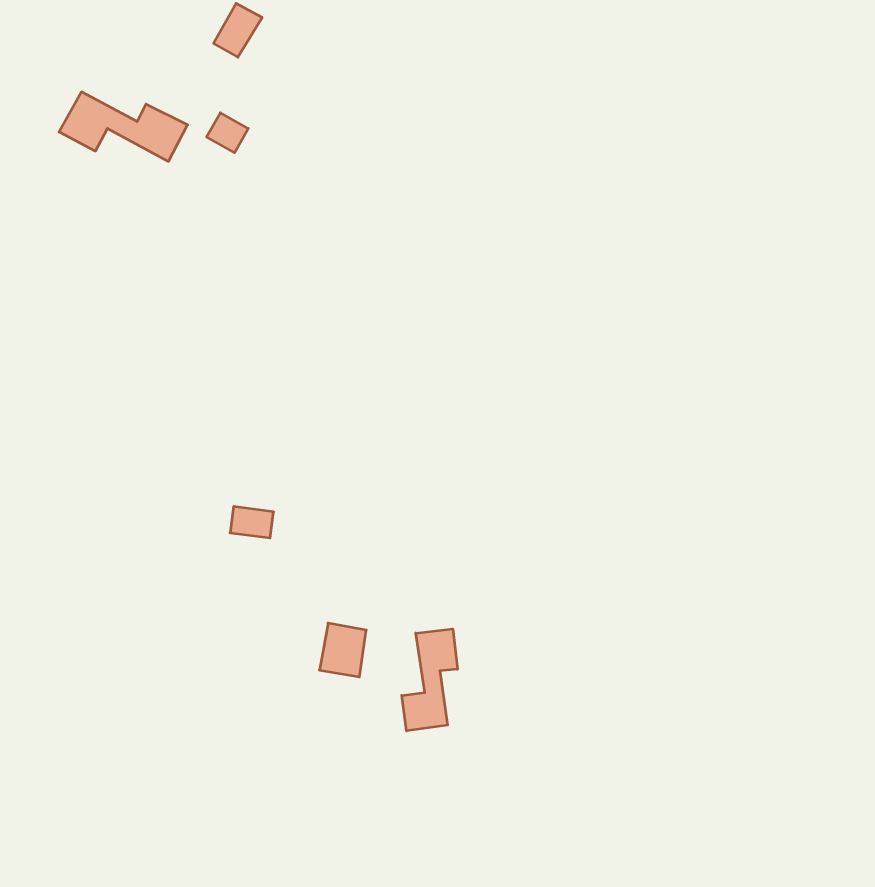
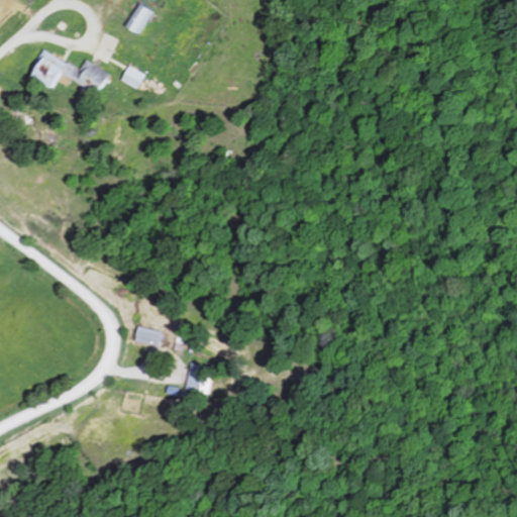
building: [230,507,274,538] -> [136,327,162,345]
building: [402,629,457,731] -> none

